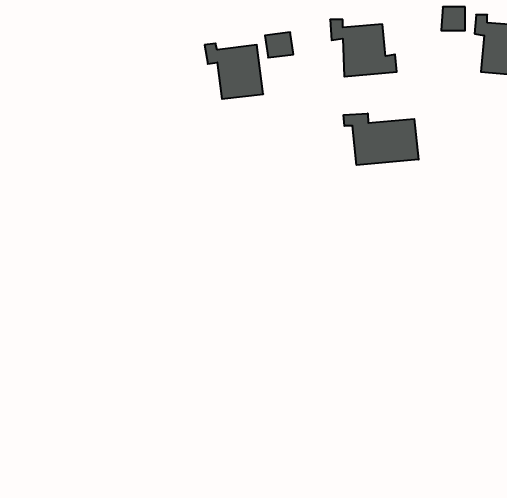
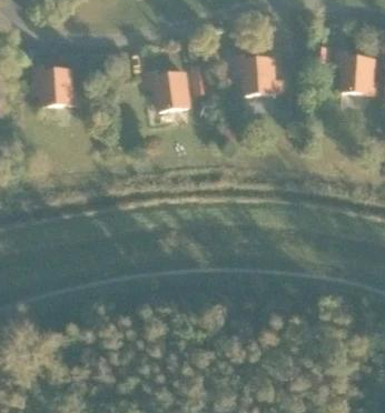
building: none -> [31,66,80,105]
building: [344,113,419,165] -> none

